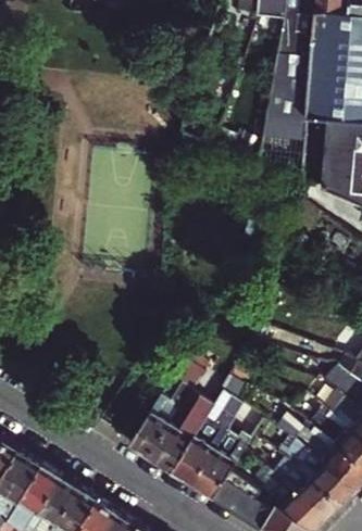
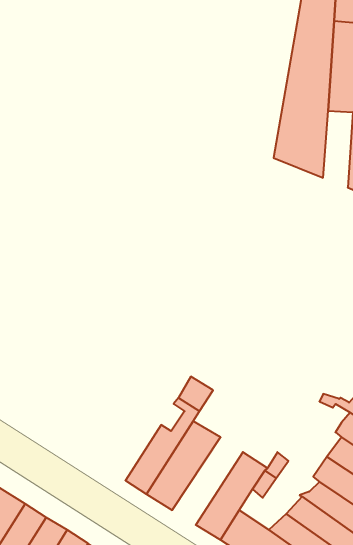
building: [172,394,244,485] -> none

